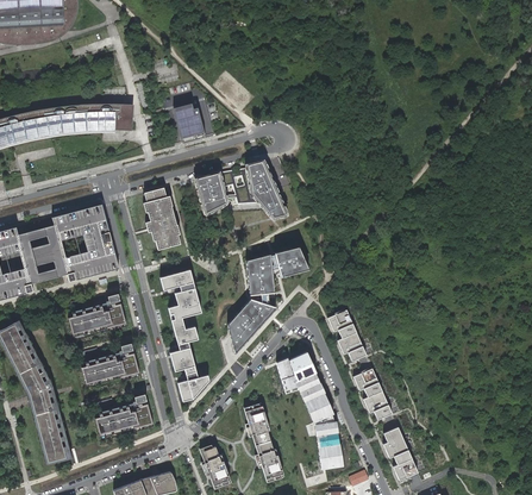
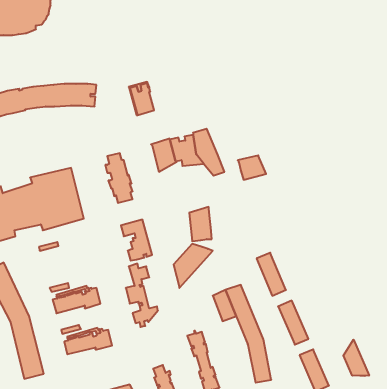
building: [274,246,308,276] -> [238,155,266,180]
building: [67,302,125,333] -> none
building: none -> [343,340,369,376]

